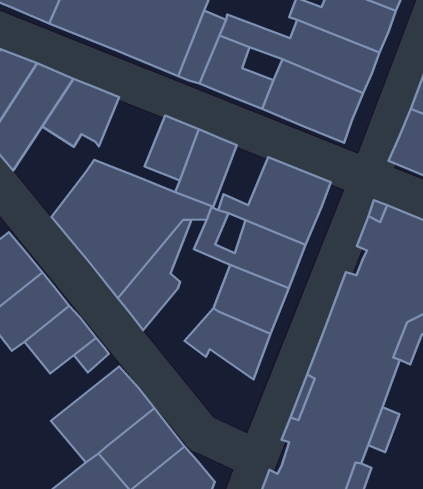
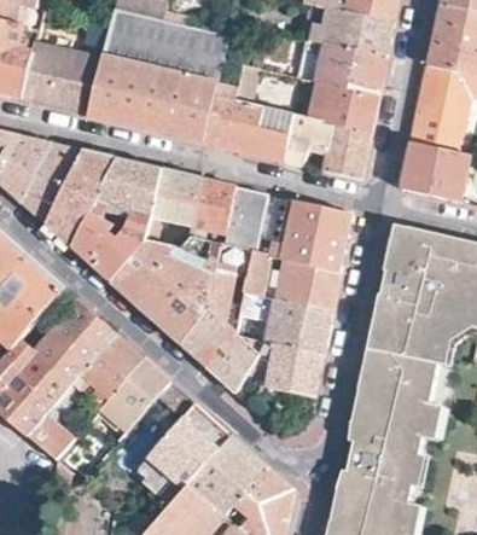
building: none -> [146,170,199,227]
building: none -> [75,207,144,284]
building: none -> [210,322,268,392]

